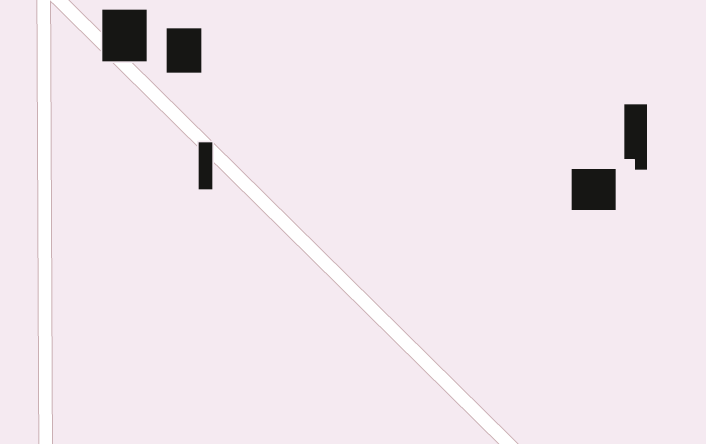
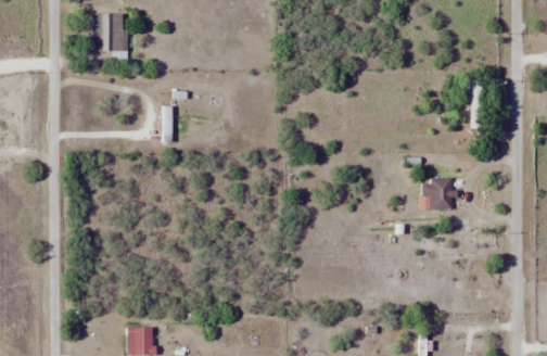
building: [166,28,202,73] -> none
building: [571,168,617,211] -> [421,180,454,211]

